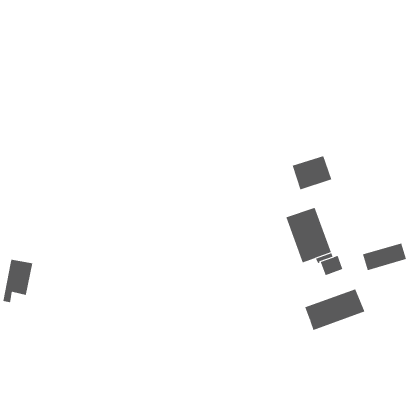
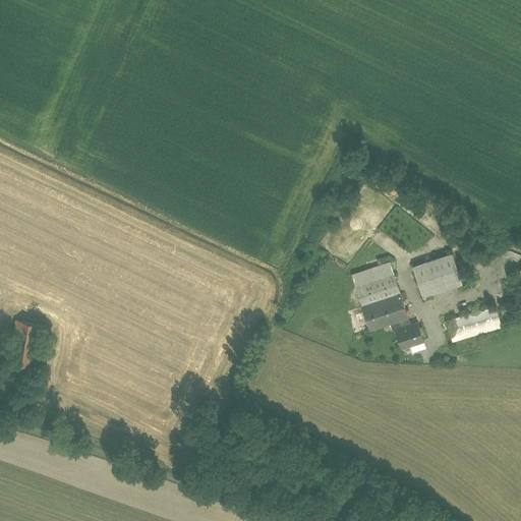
building: [292,156,332,190] -> [411,254,461,297]
building: [305,288,365,331] -> none

